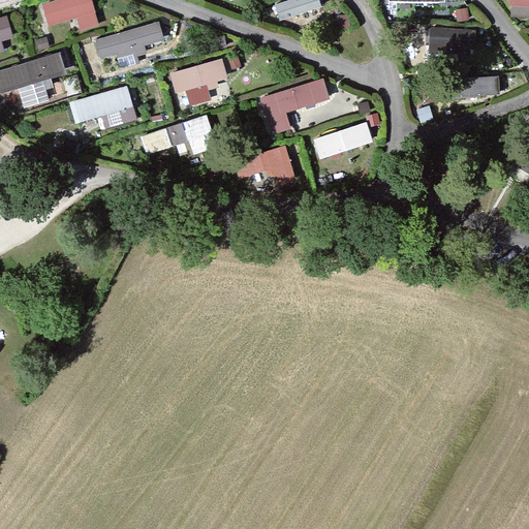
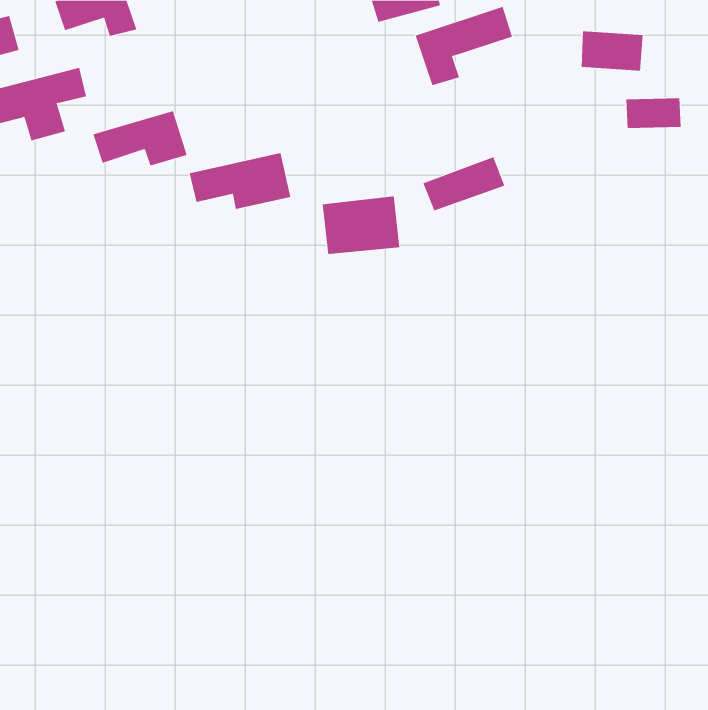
building: [95,21,165,62] -> none
building: [173,57,225,106] -> none
building: [257,75,330,134] -> [415,6,513,86]

